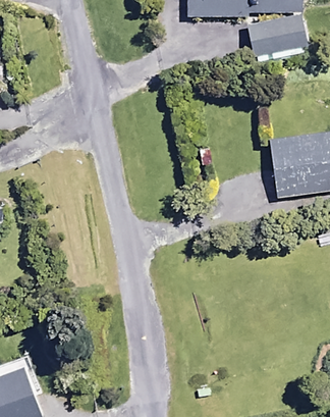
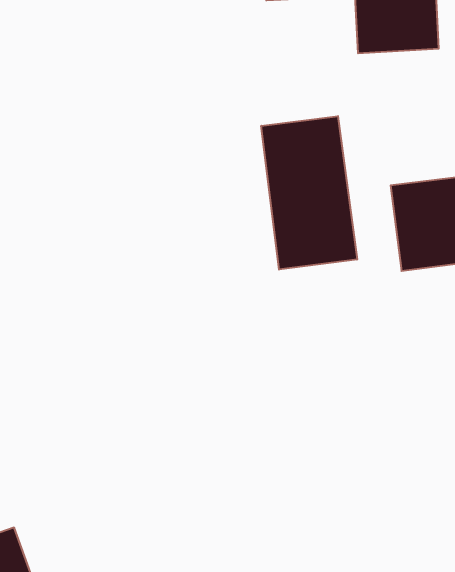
building: none -> [261,116,357,270]

